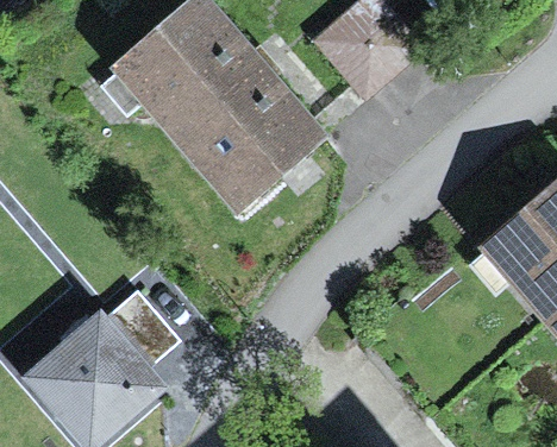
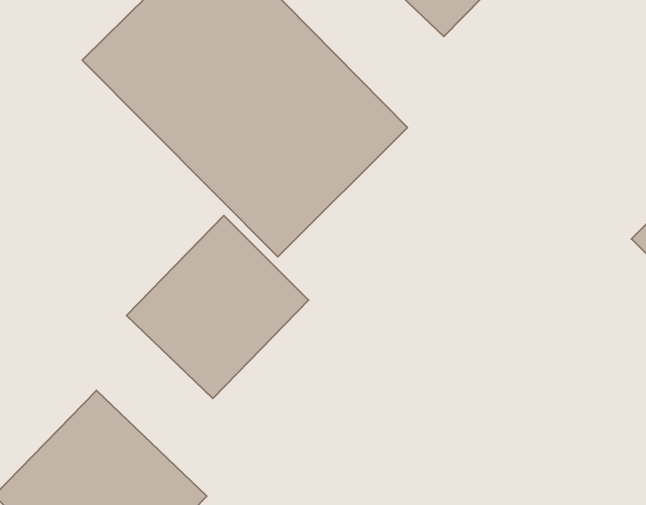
building: none -> [127,216,309,398]

